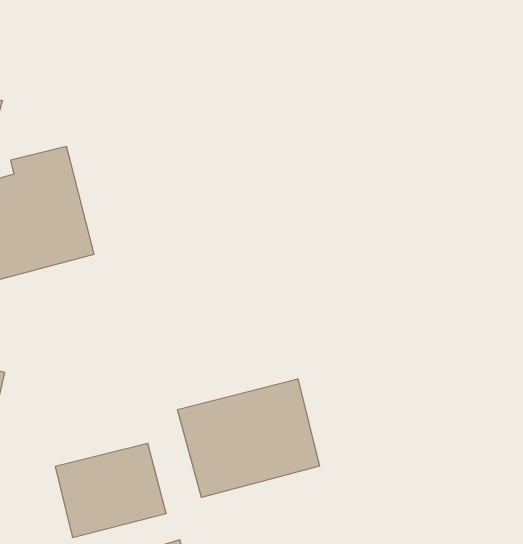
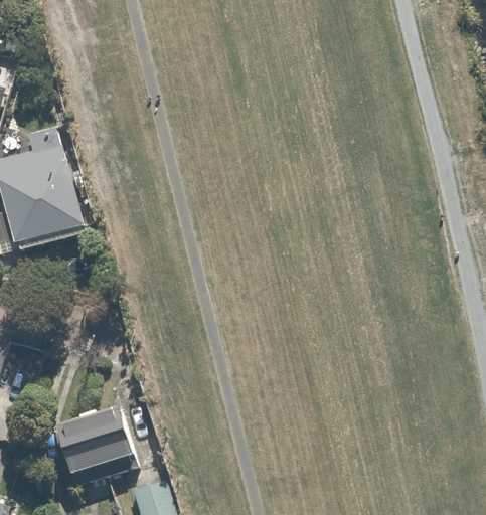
building: [178,379,319,497] -> none

